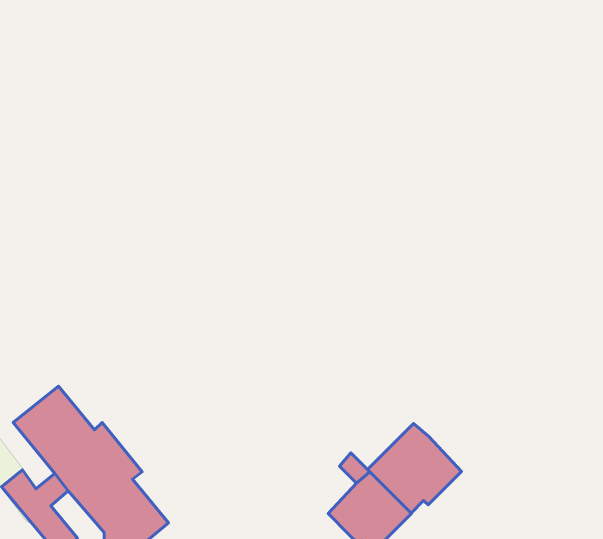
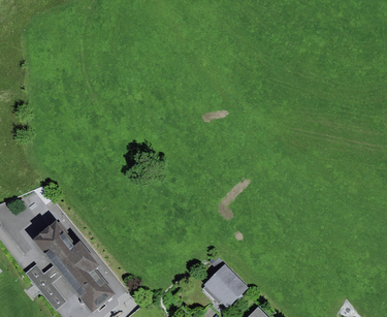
building: [368,423,461,513] -> none

